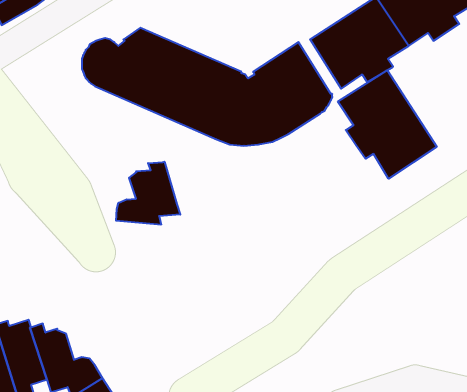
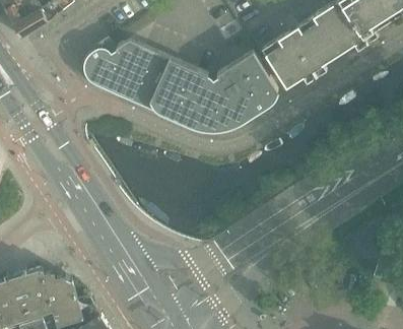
building: [338,70,437,179] -> none
building: [116,162,180,225] -> none

